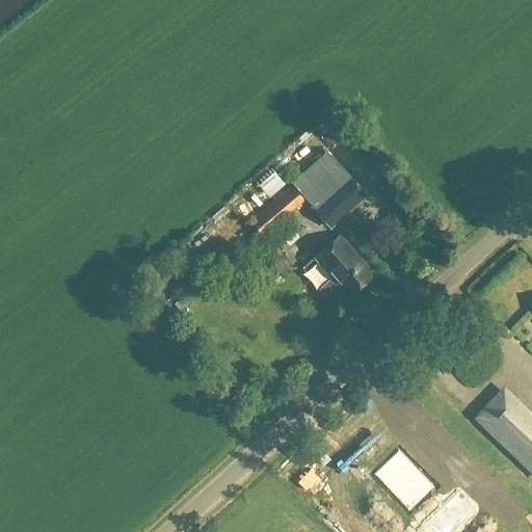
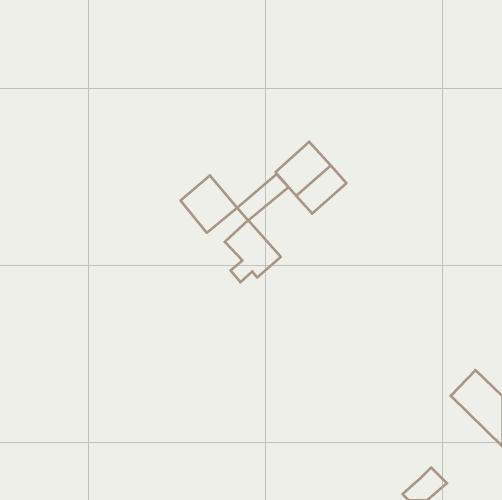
building: none -> [181,175,237,233]
building: [315,234,374,299] -> [225,220,281,282]
building: [375,451,433,510] -> none

